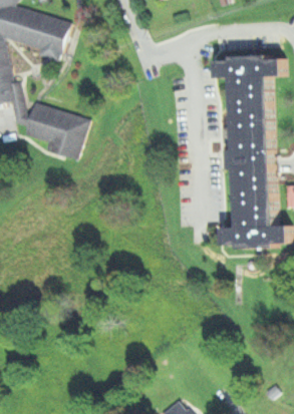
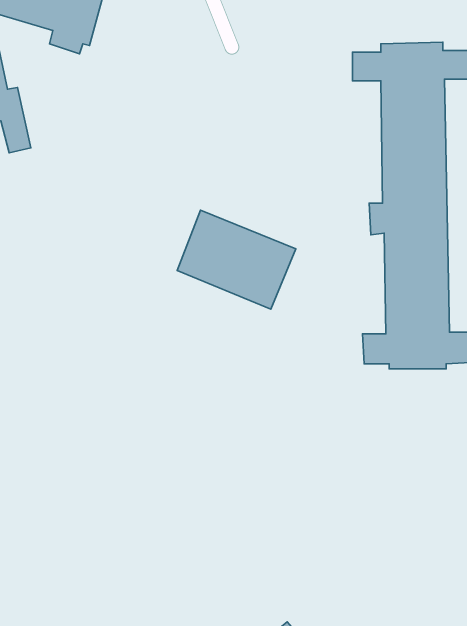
building: [21,99,92,158] -> [177,210,296,309]

